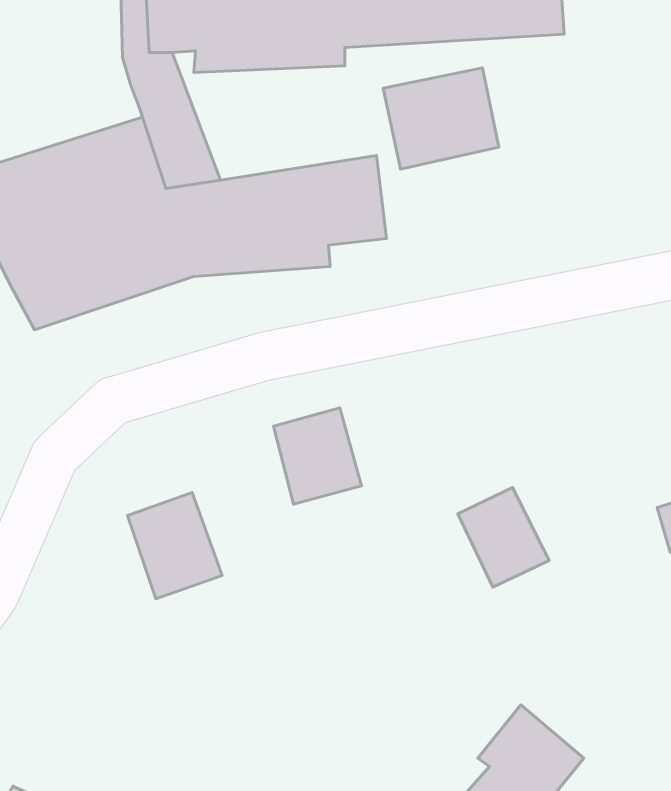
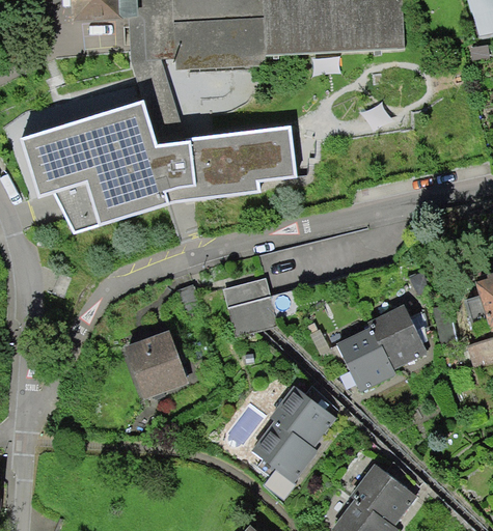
building: [383,68,499,169] -> none
building: none -> [371,306,426,368]
building: none -> [253,388,334,487]

